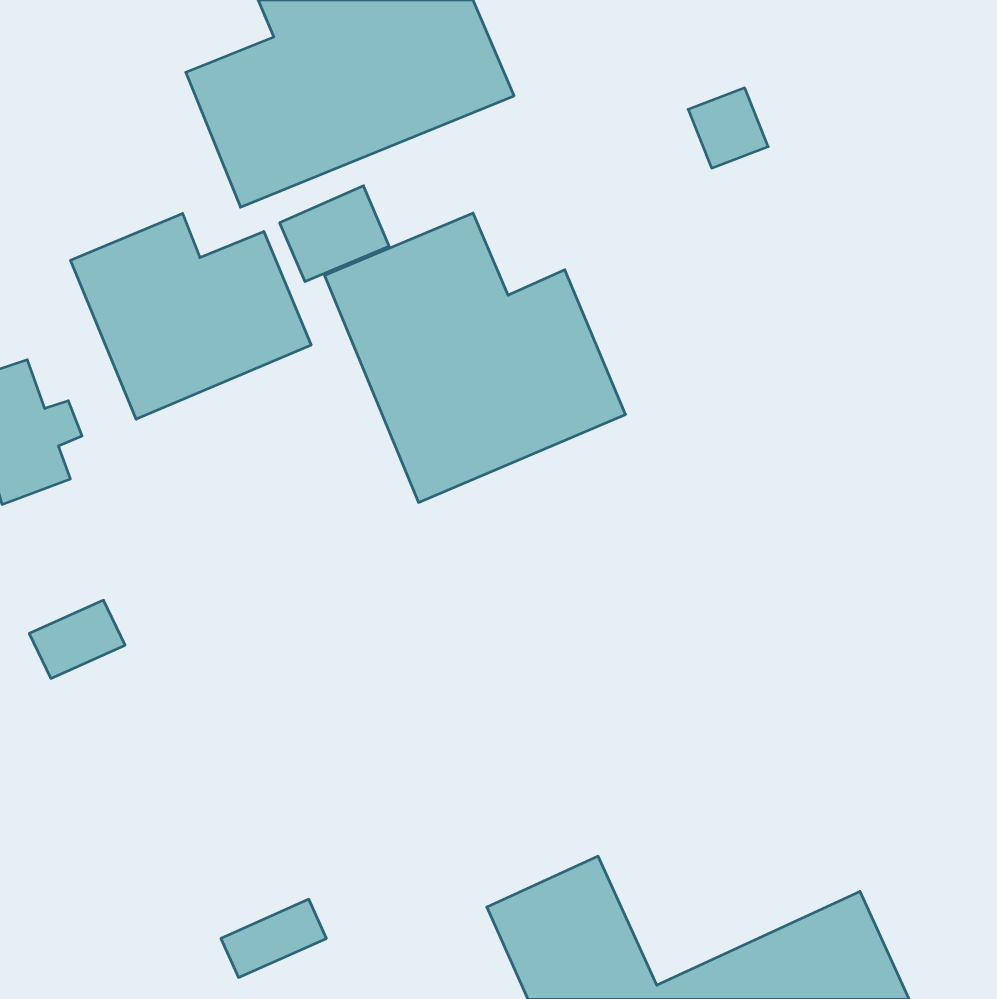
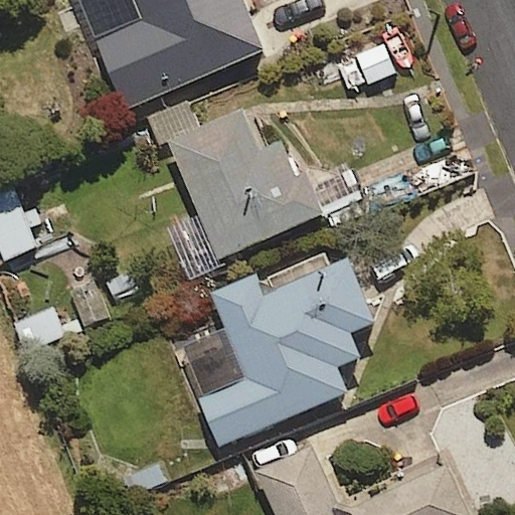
building: [71,213,311,419] -> none
building: none -> [194,260,374,447]

